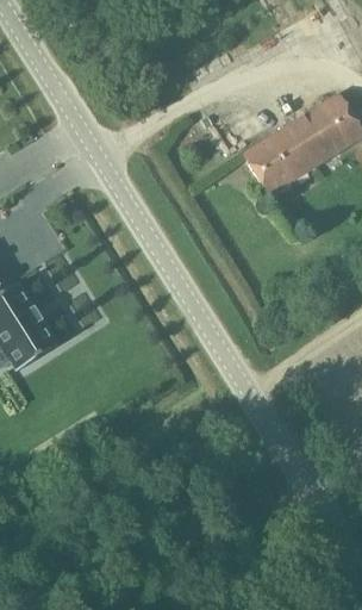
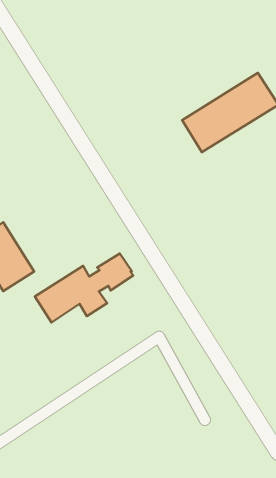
building: none -> [35,254,133,322]

